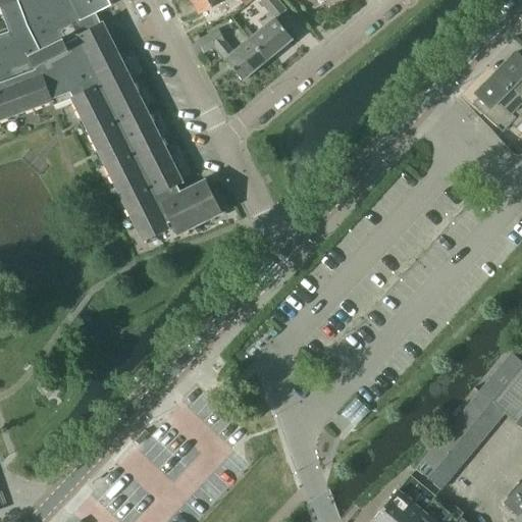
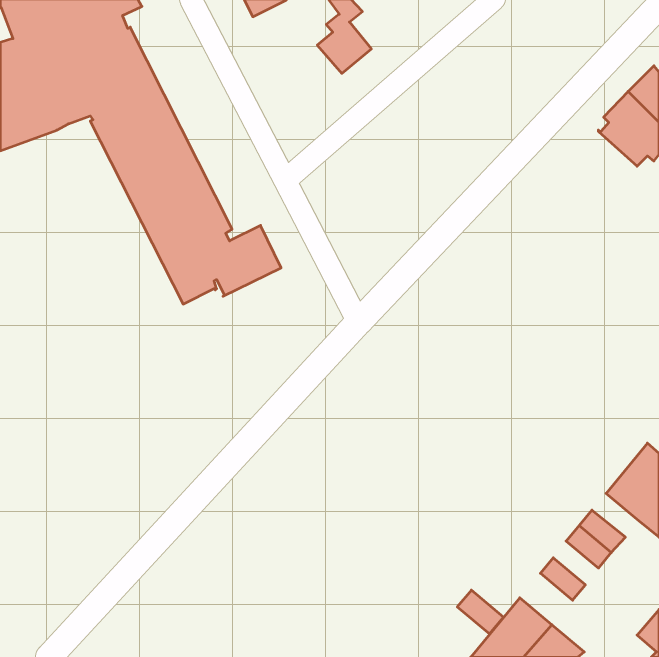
building: [198,29,270,80] -> none
building: [468,390,505,425] -> none
building: [437,428,473,463] -> none
building: [416,454,453,488] -> [457,590,504,634]

